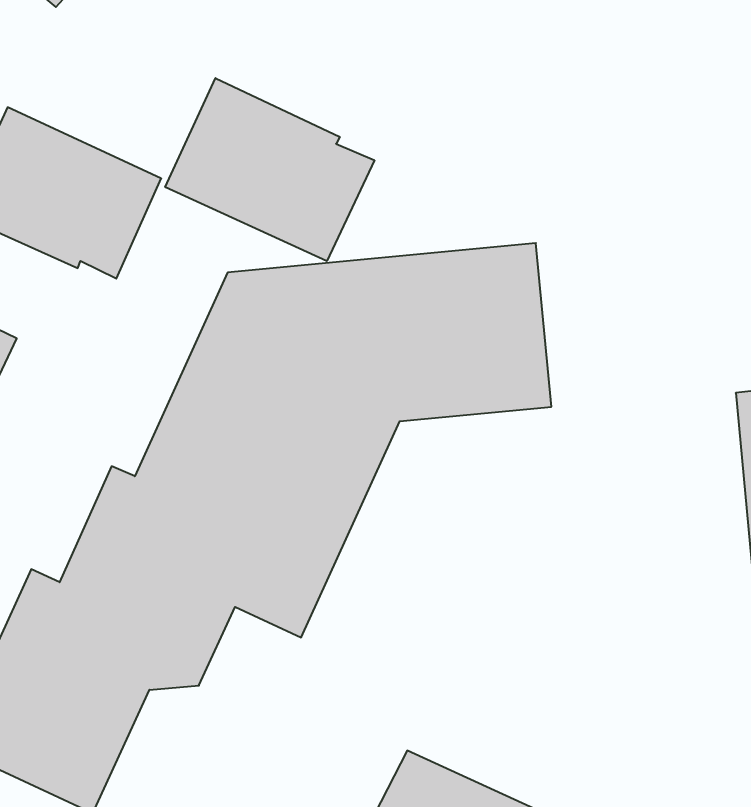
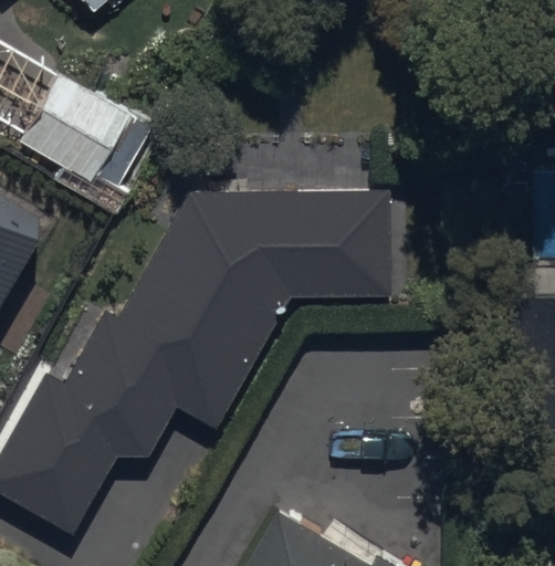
building: [165,78,374,261] -> none

